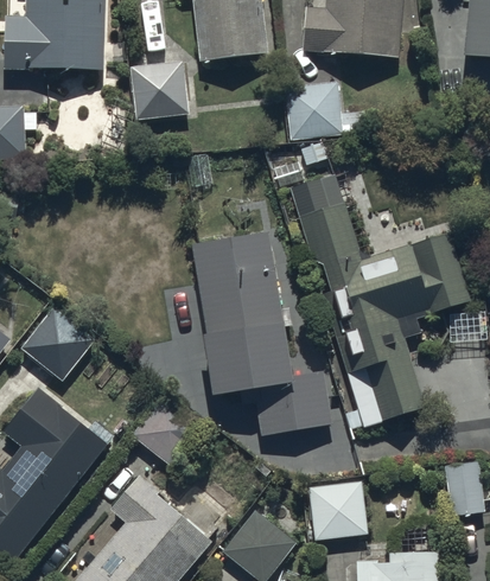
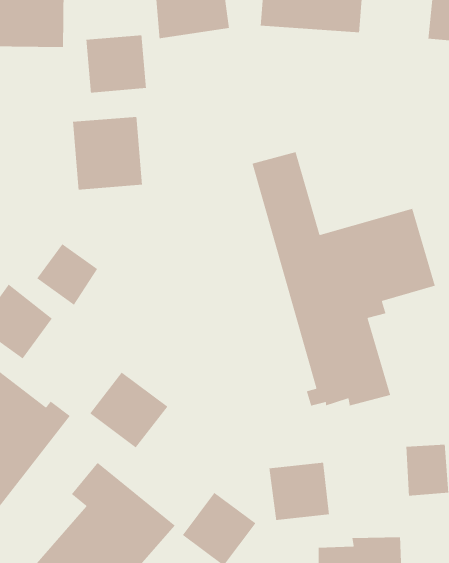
building: [285,79,364,139] -> none
building: none -> [72,116,143,191]
building: [191,232,331,434] -> none
building: none -> [36,243,98,306]

